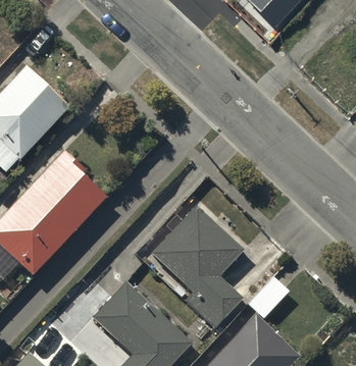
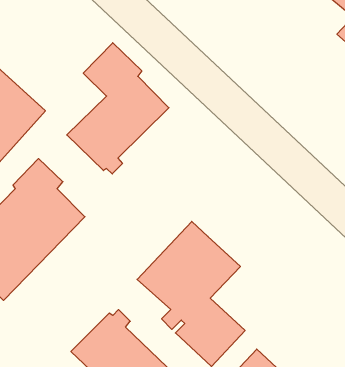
building: none -> [67,43,169,174]

